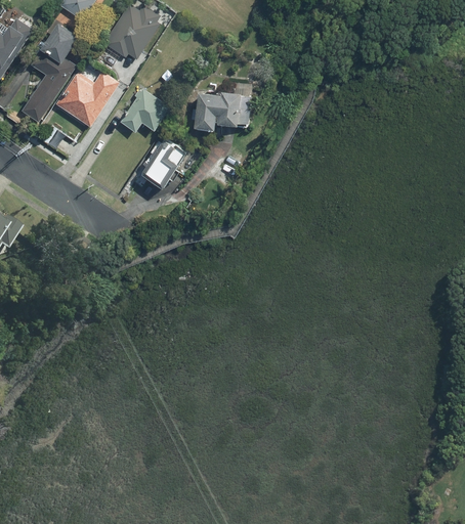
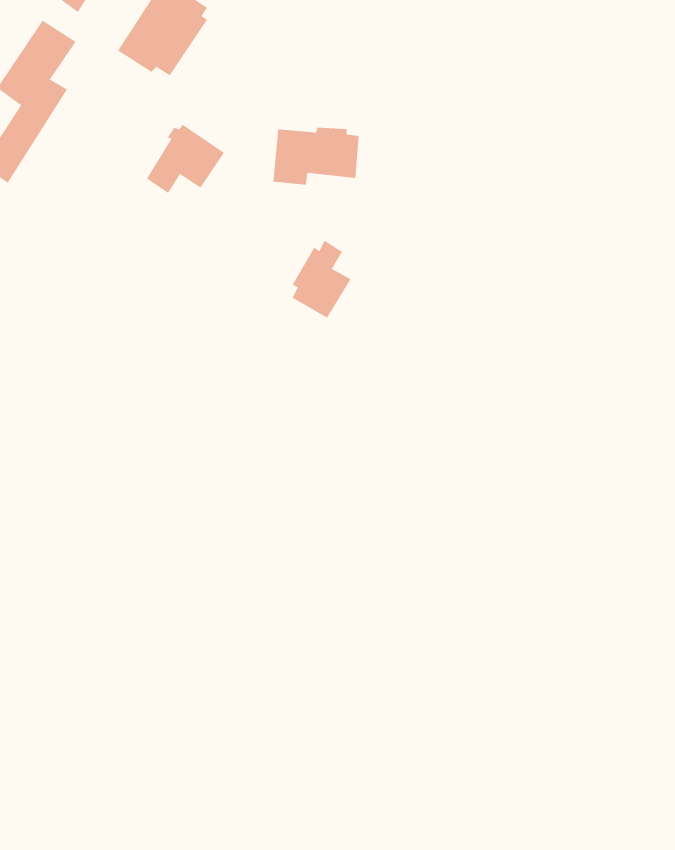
building: [56,73,118,127] -> none
building: [144,136,180,183] -> [292,240,351,318]

